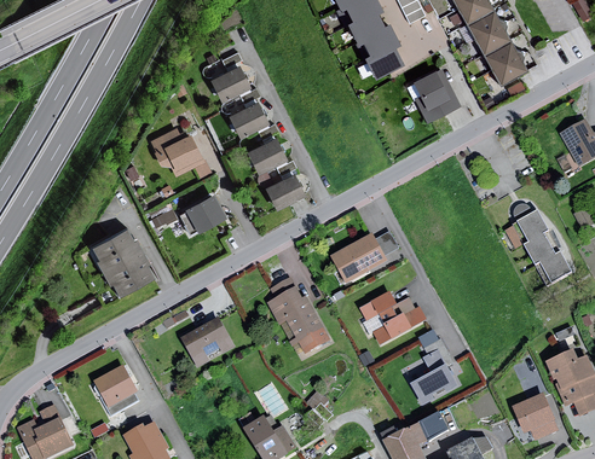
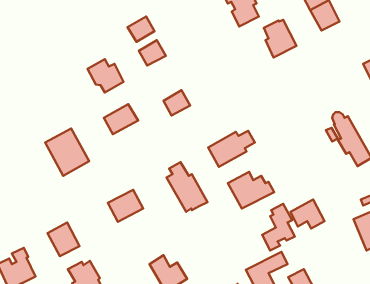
building: [247,135,287,173] -> none
building: none -> [291,199,325,228]
building: [512,394,559,441] -> none

